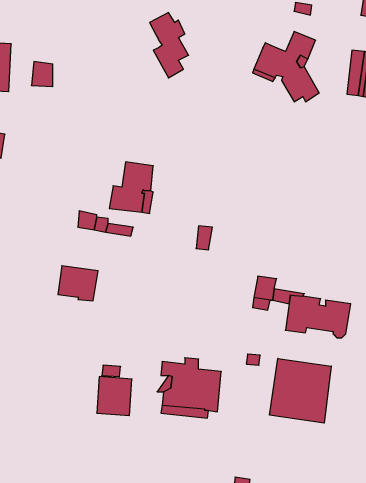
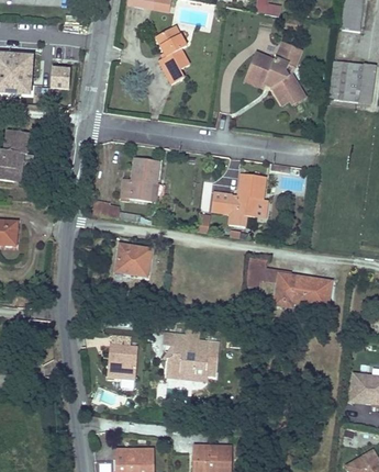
building: none -> [210,172,265,226]
building: [58,266,98,301] -> [115,244,151,274]
building: [270,358,331,423] -> none

